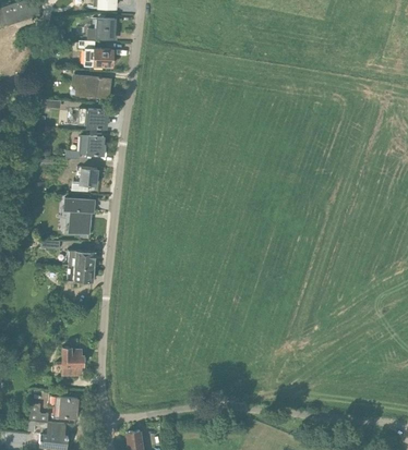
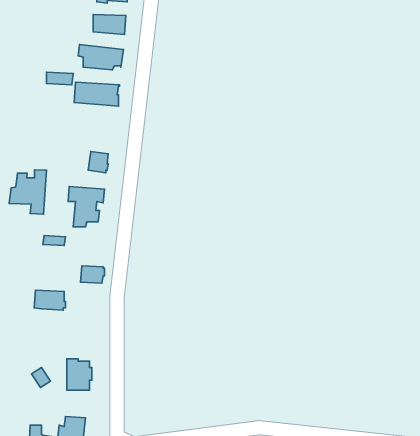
building: [65,134,105,159] -> none
building: none -> [9,170,46,214]
building: [69,250,96,267] -> [34,290,66,310]

